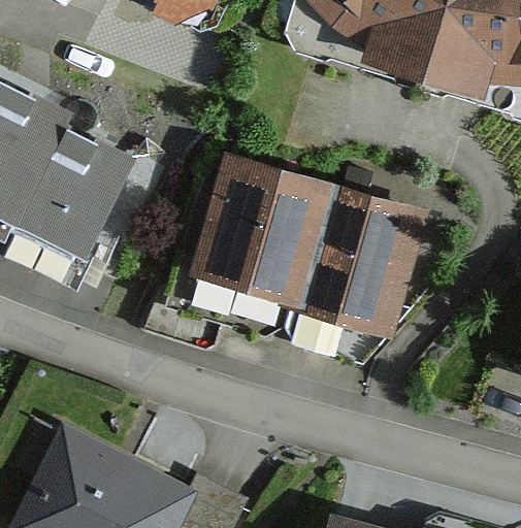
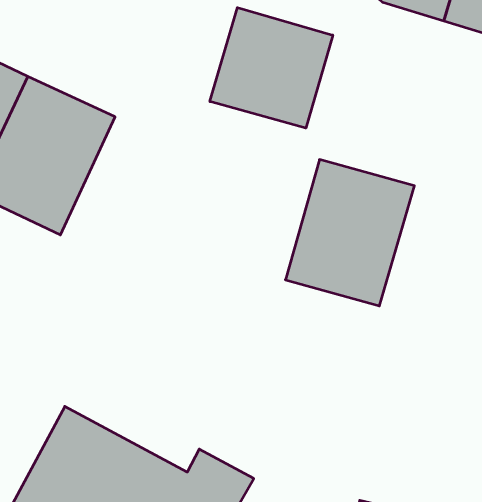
building: none -> [210,8,333,128]
building: [193,171,315,310] -> none

